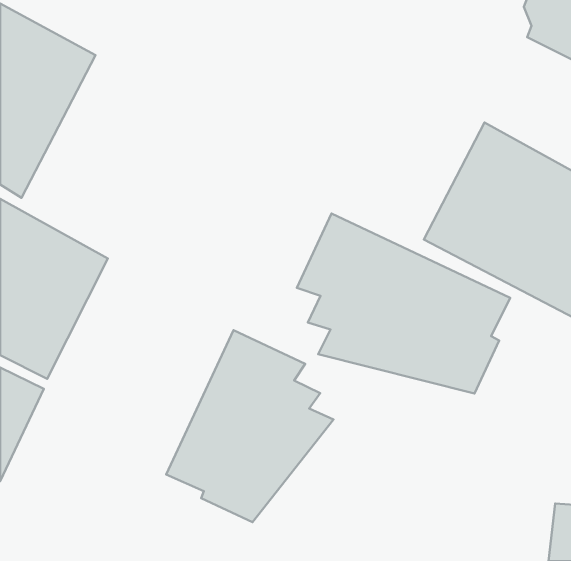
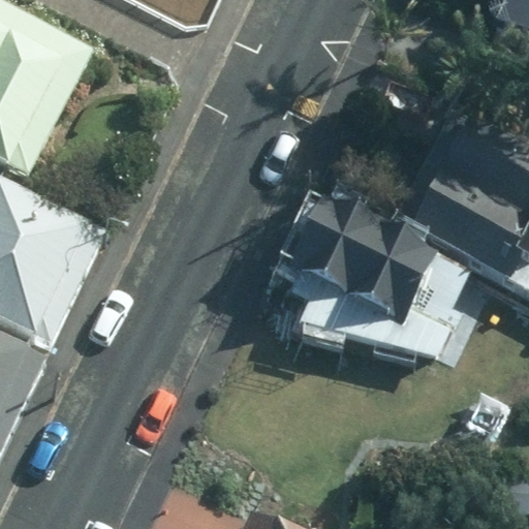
building: [166,330,334,522] -> none

